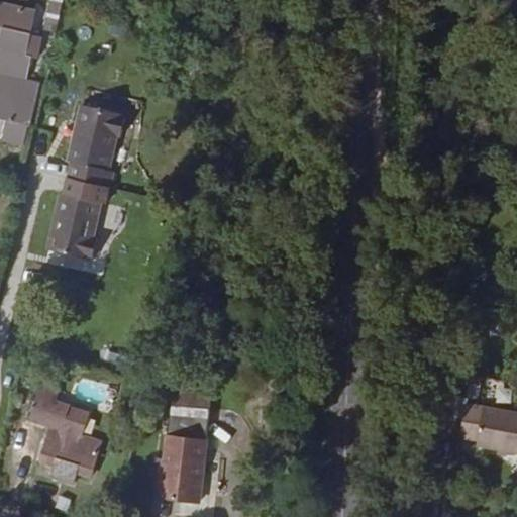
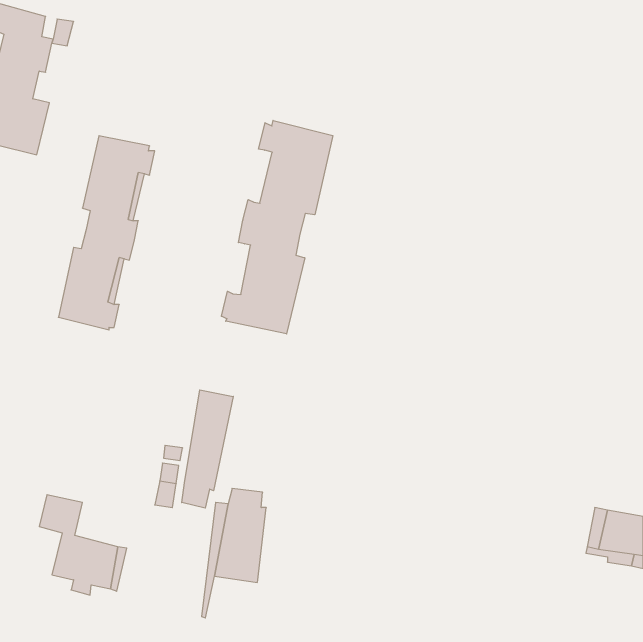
building: none -> [221,120,333,334]
building: none -> [182,390,233,508]
building: [164,458,205,496] -> none

